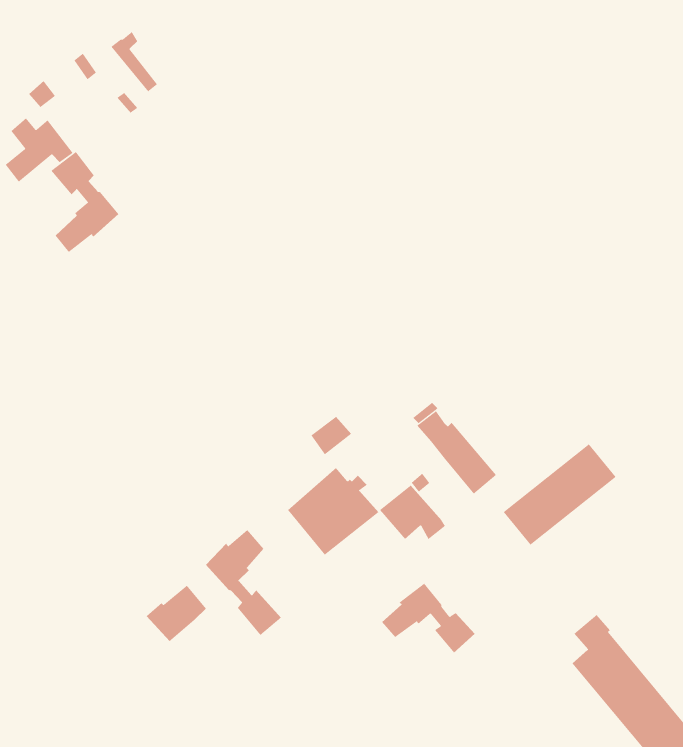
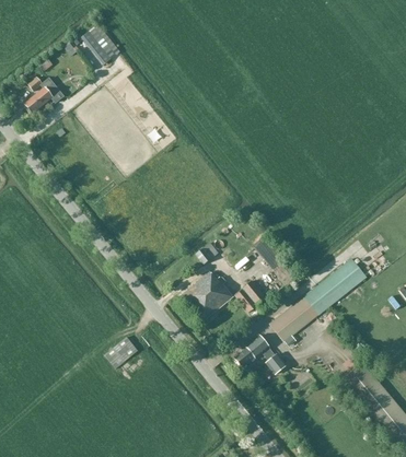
building: [51,151,119,253] -> none
building: none -> [270,295,318,343]
building: [205,529,282,636] -> none

